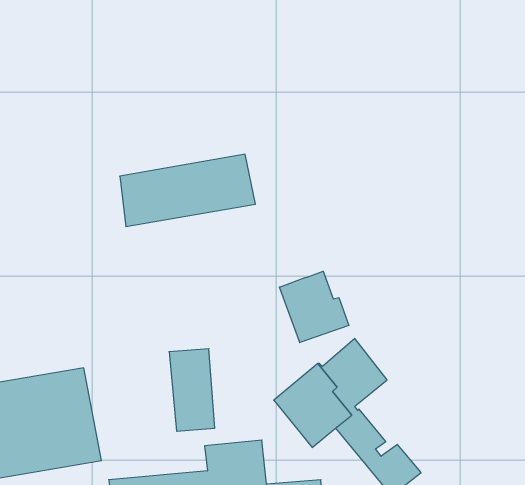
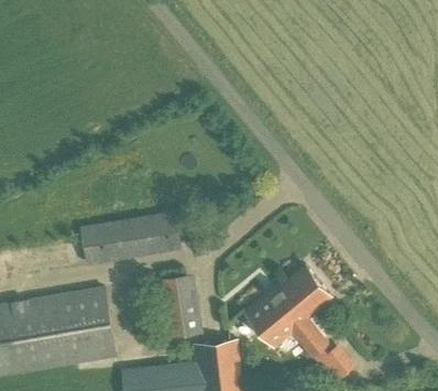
building: [120,154,255,226] -> [79,211,180,265]
building: [279,271,349,343] -> none

